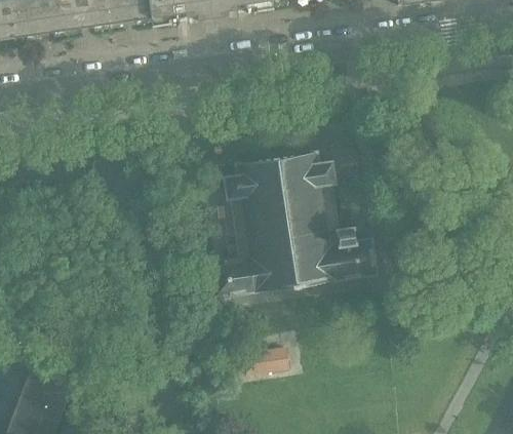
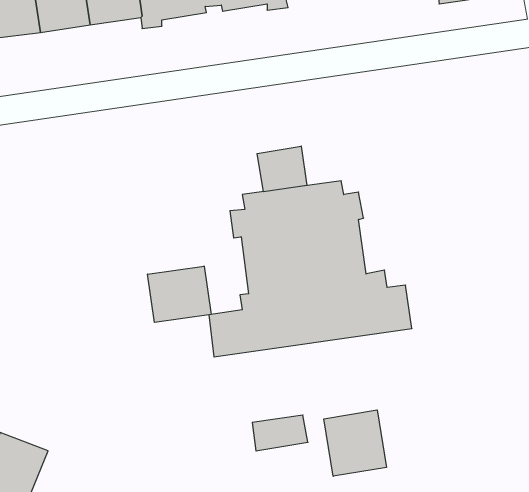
building: none -> [257,146,307,192]
building: none -> [148,266,211,322]
building: none -> [324,410,386,476]

